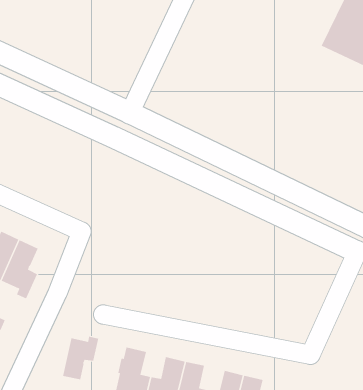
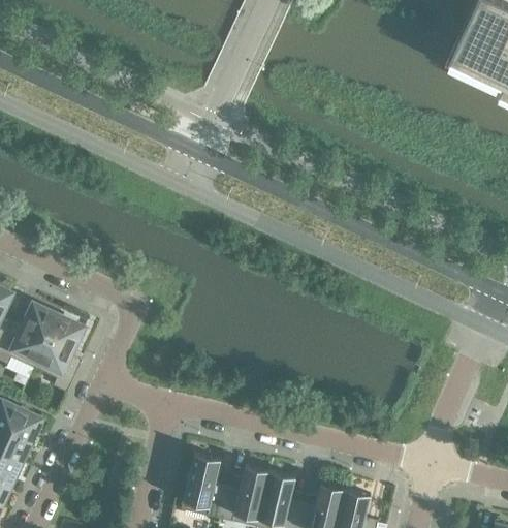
building: [63,336,99,380] -> none

